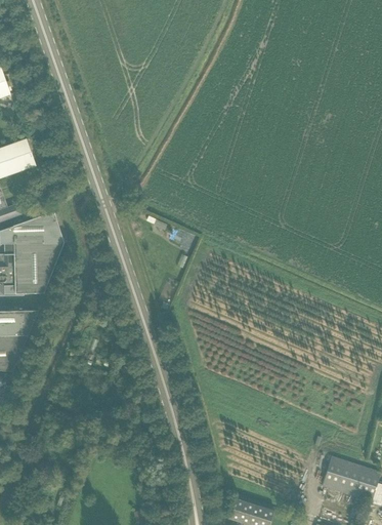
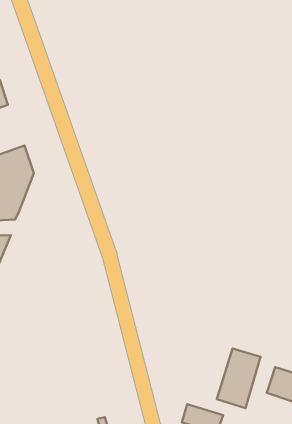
building: none -> [217,348,261,408]

